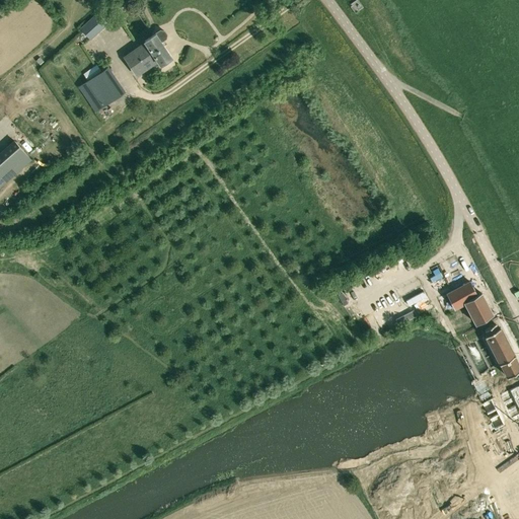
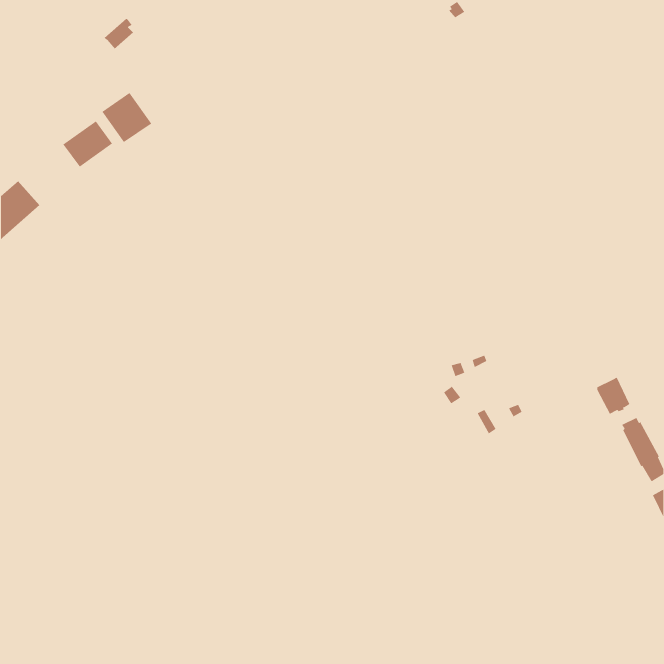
building: [123,31,171,77] -> none
building: none -> [62,121,113,167]
building: [446,282,477,309] -> none

